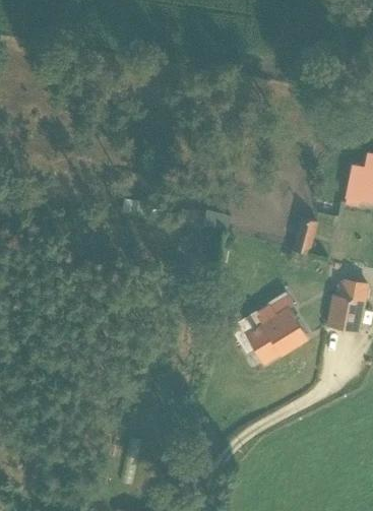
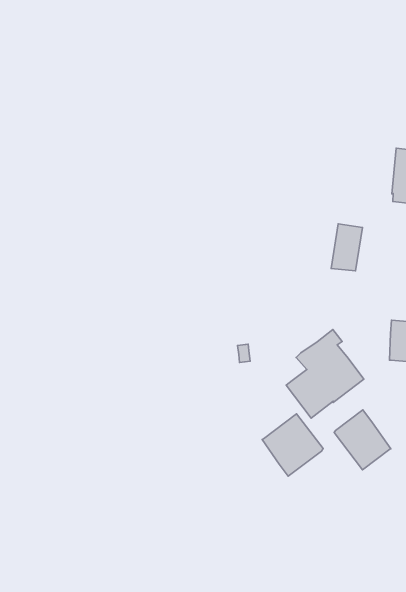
building: none -> [262,414,323,476]
building: none -> [334,410,391,470]

